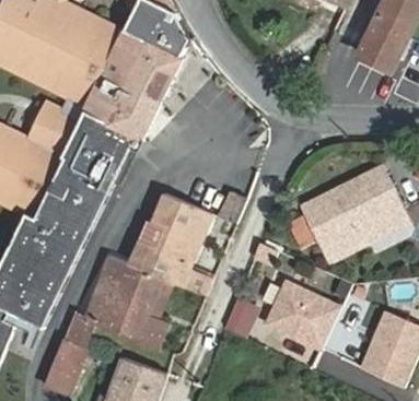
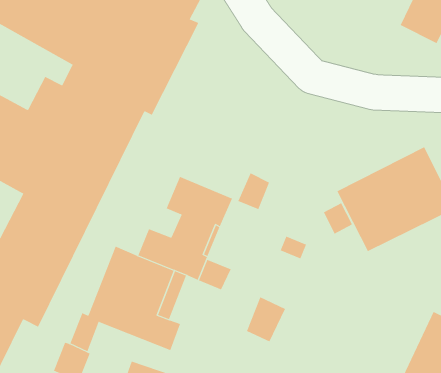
building: [265,282,339,350] -> none

